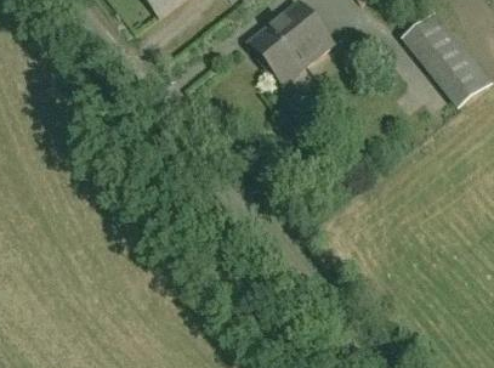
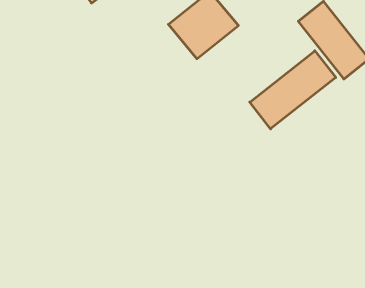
building: none -> [250,51,336,129]

